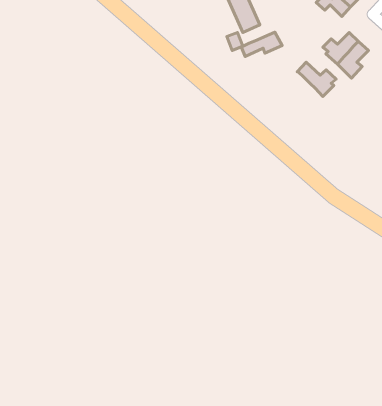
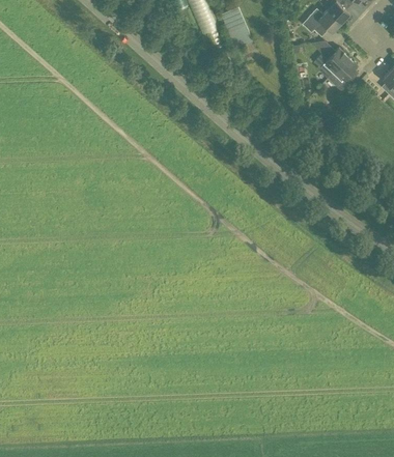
building: [241,32,282,57] -> none
building: [297,62,336,96] -> none

